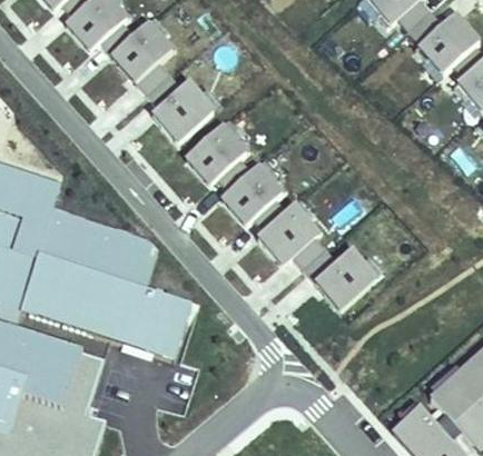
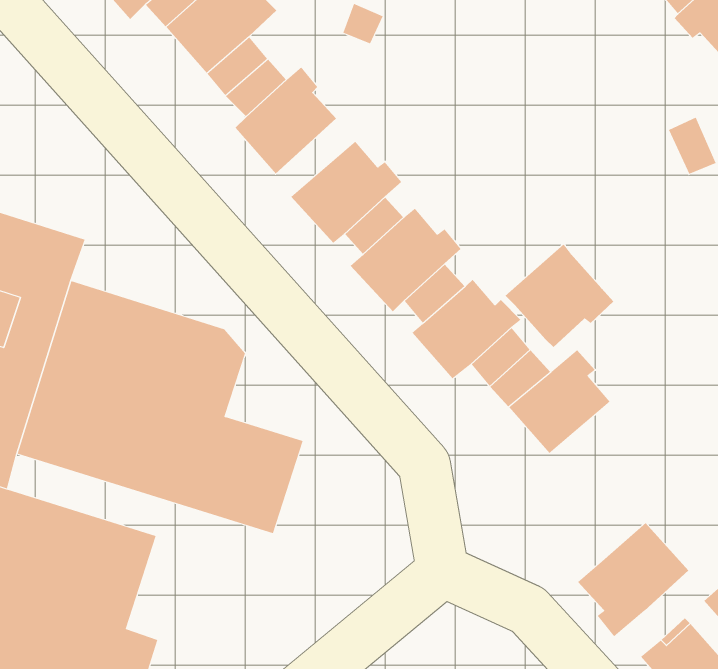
building: none -> [505,244,614,348]
building: none -> [577,522,689,637]

